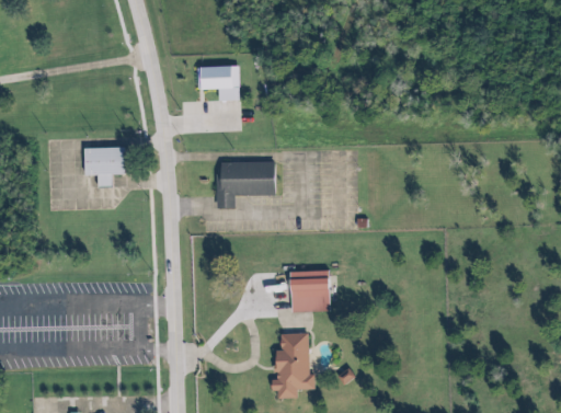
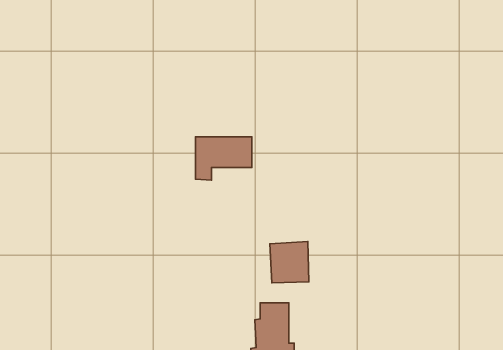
building: [199,66,240,101] -> none
building: [84,147,125,187] -> none

